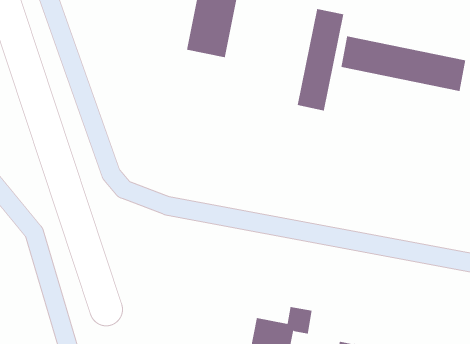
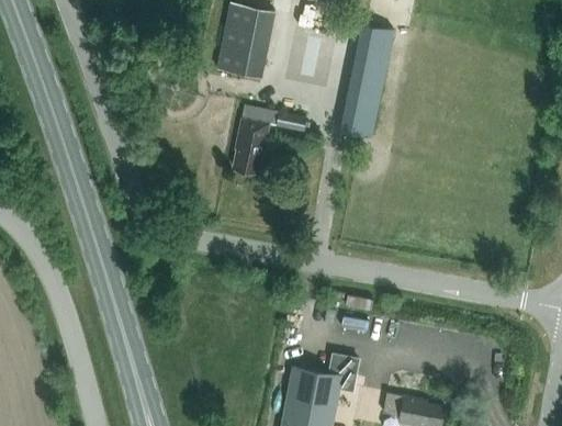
building: [341,36,466,92] -> none
building: none -> [234,105,306,173]

